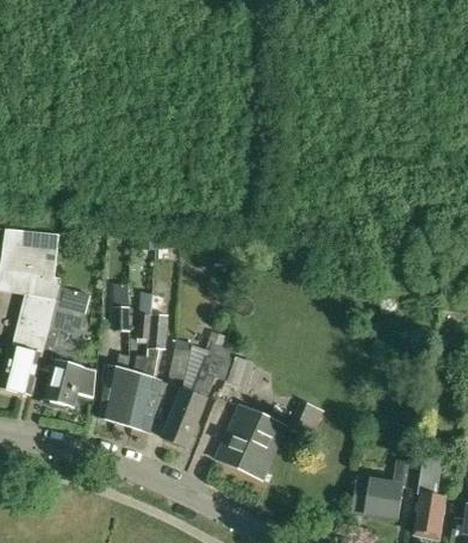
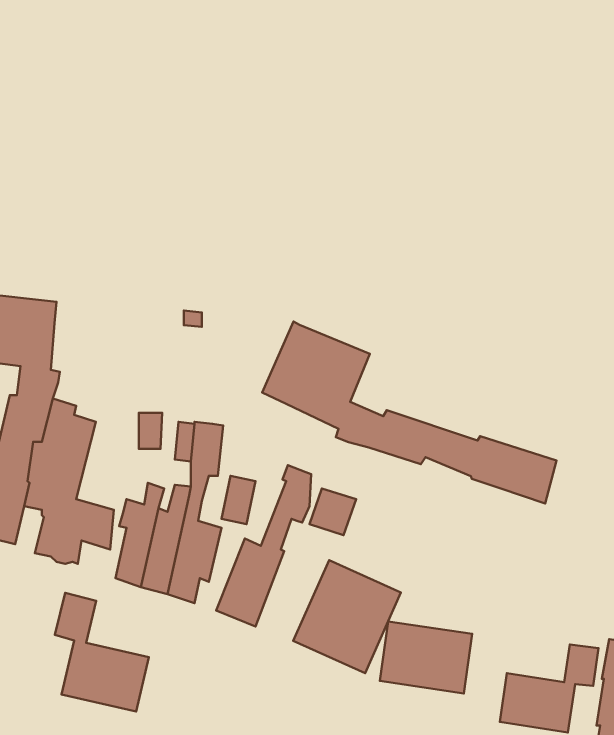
building: none -> [262,322,556,503]
building: none -> [55,593,149,711]
building: none -> [380,621,472,693]

